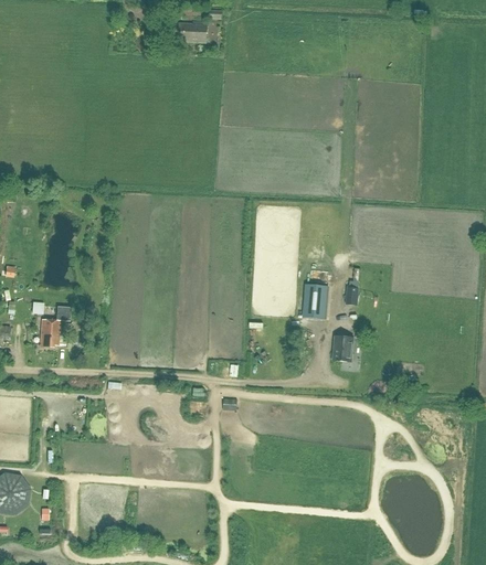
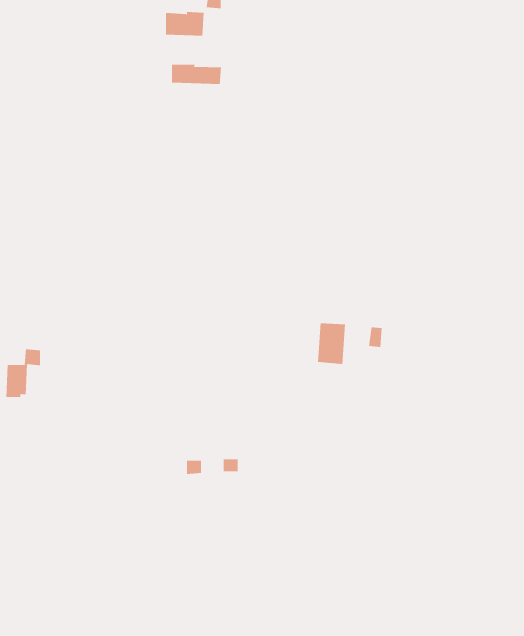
building: none -> [172,64,222,85]
building: [334,334,355,360] -> none

